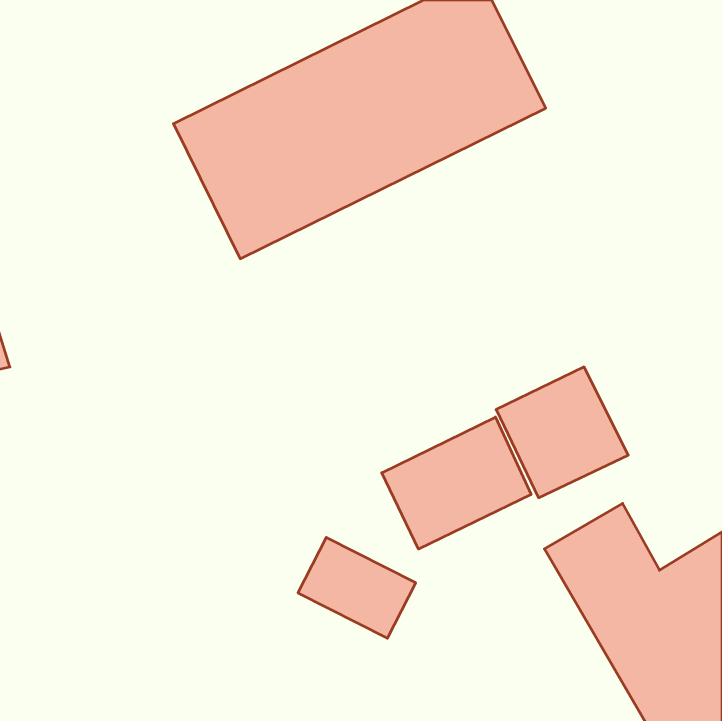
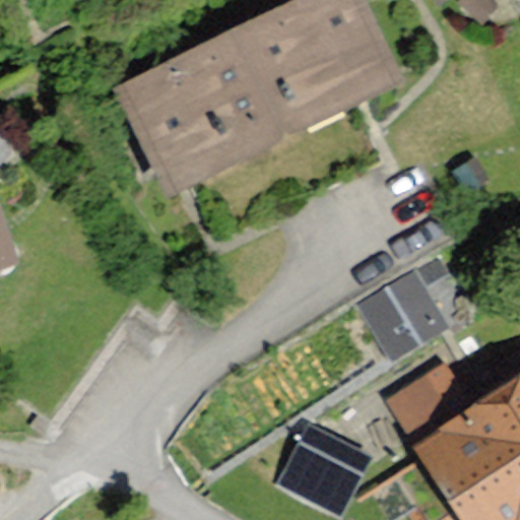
building: [382,417,531,549] -> none
building: [298,537,416,638] -> [277,442,362,514]

